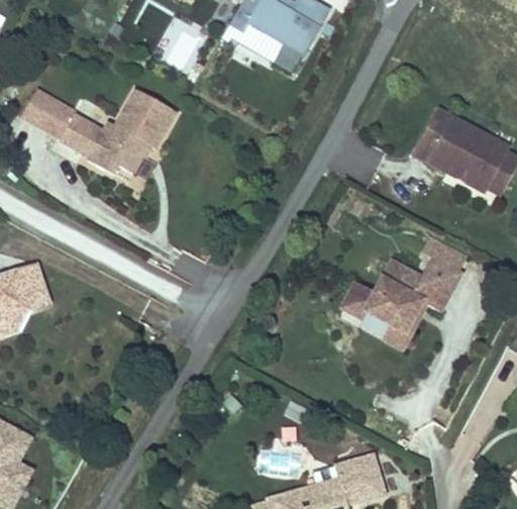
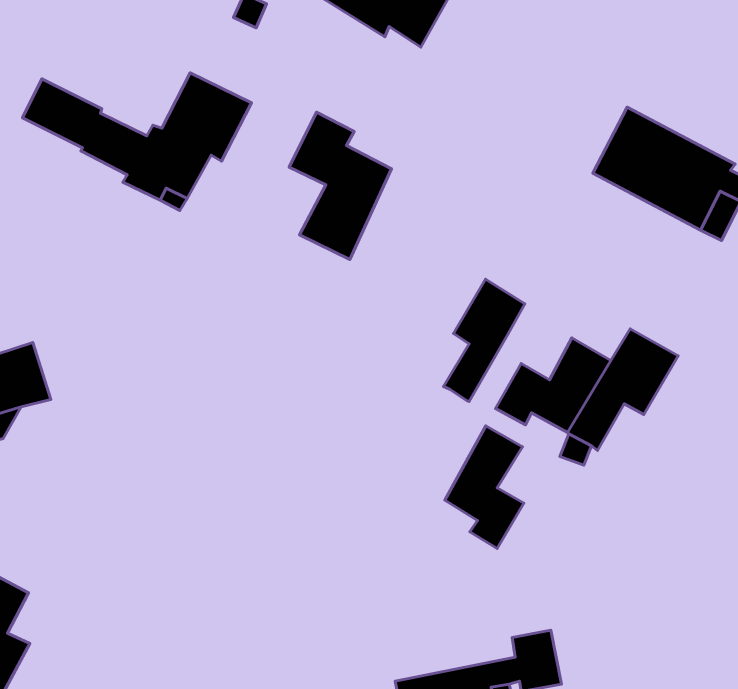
building: none -> [289,112,391,259]
building: none -> [444,279,525,401]
building: none -> [445,426,524,548]

